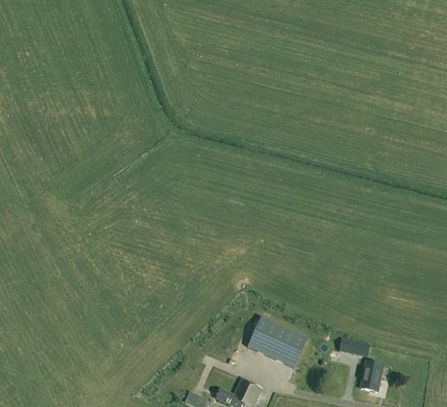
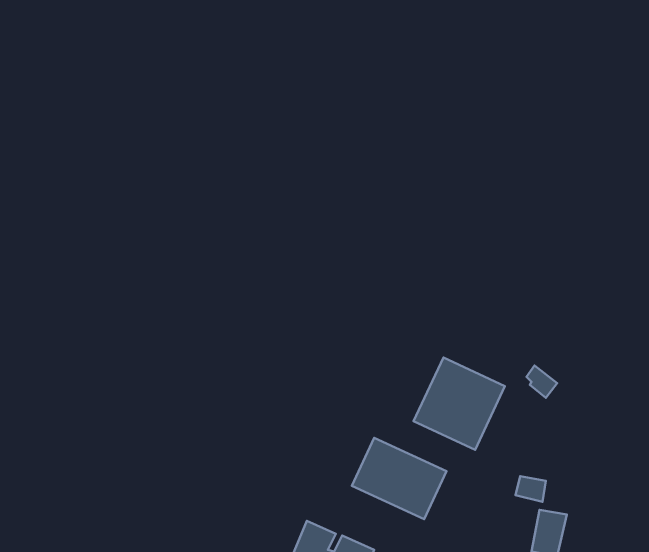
building: none -> [414,357,505,450]

